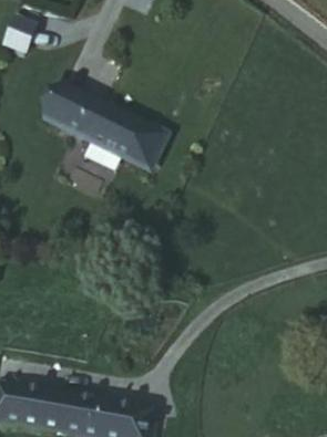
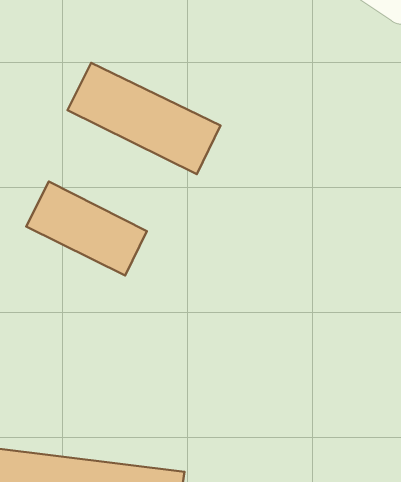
building: none -> [26,181,147,275]

